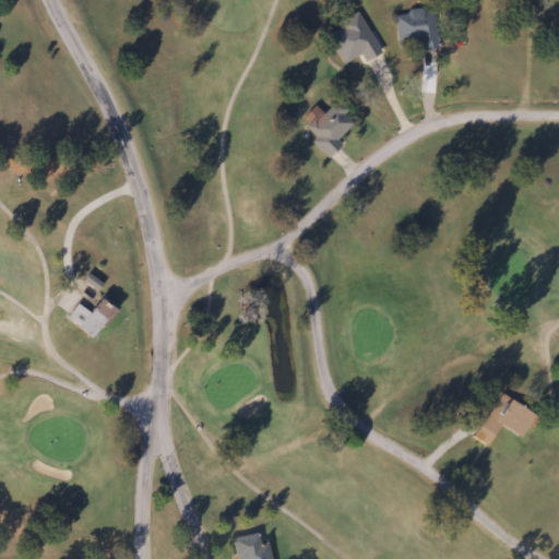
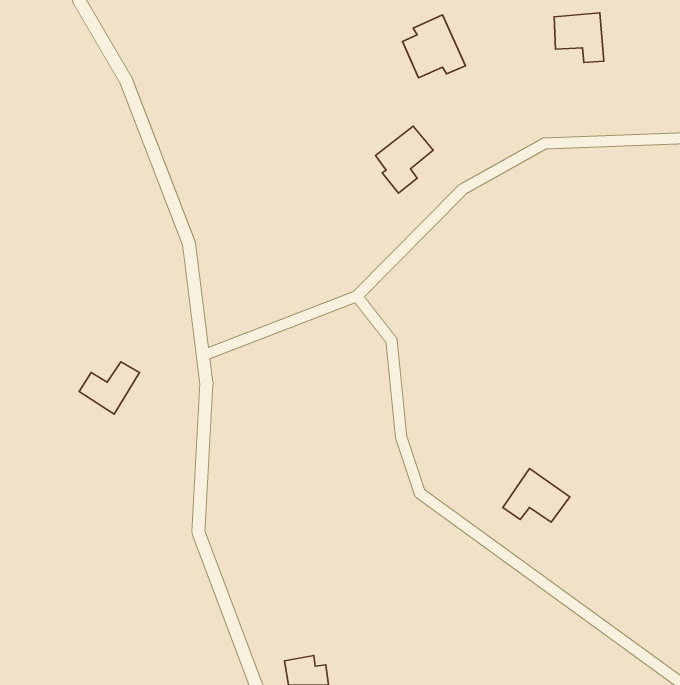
building: [399,9,439,49] -> [554,13,604,63]
building: [480,393,535,437] -> [503,469,570,522]

